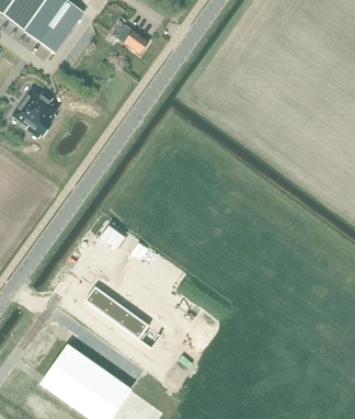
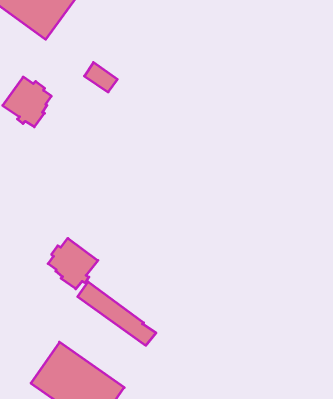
building: [117,25,149,54] -> [84,62,117,92]
building: none -> [48,238,98,289]

